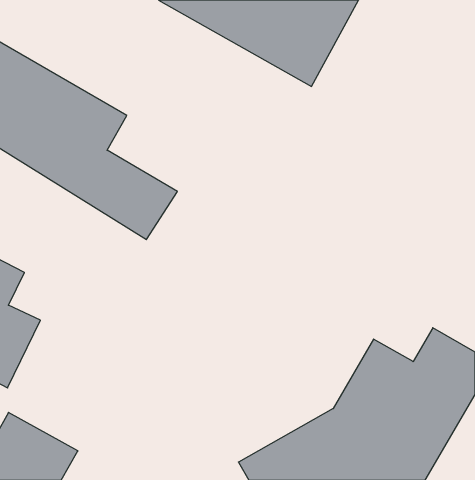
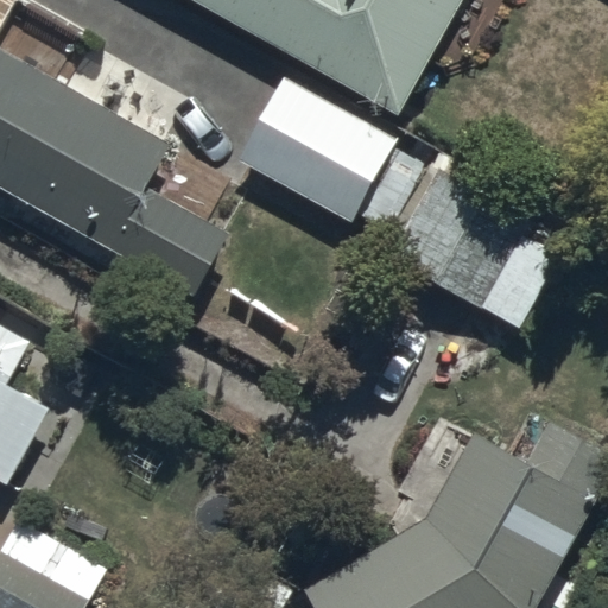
building: none -> [239,80,397,223]
building: none -> [388,165,571,330]

